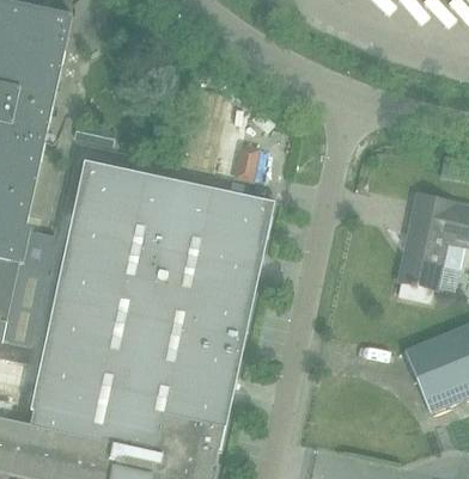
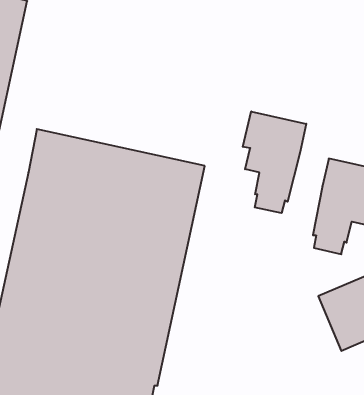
building: none -> [243,111,306,213]

